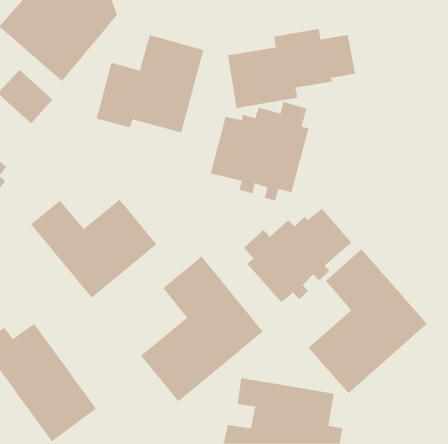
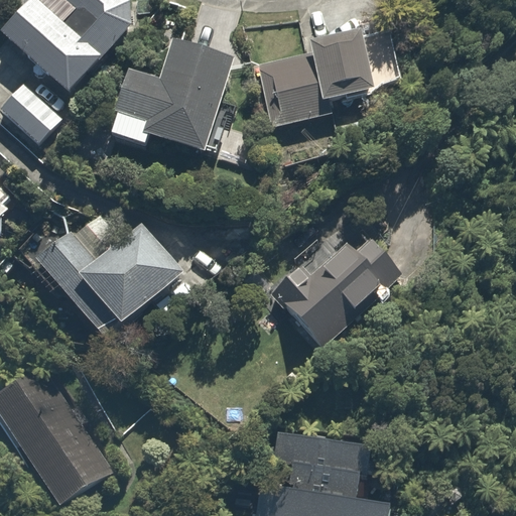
building: [210,101,309,202] -> none
building: [308,249,427,394] -> none
building: [140,256,264,402] -> none

